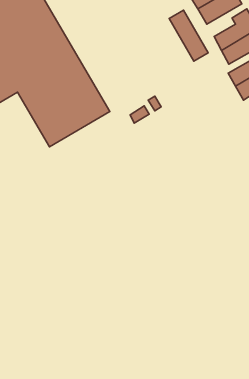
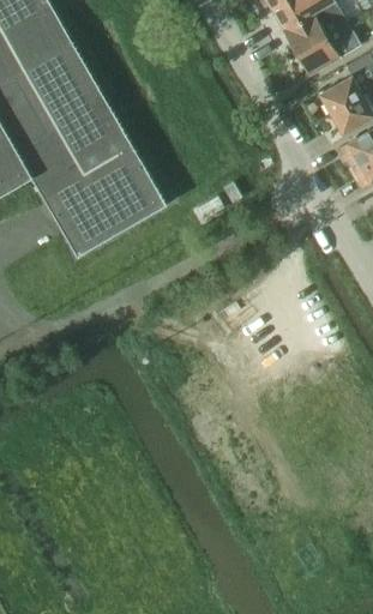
building: [169,10,208,61] -> none

